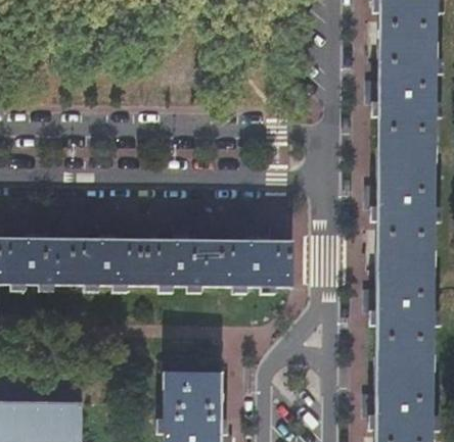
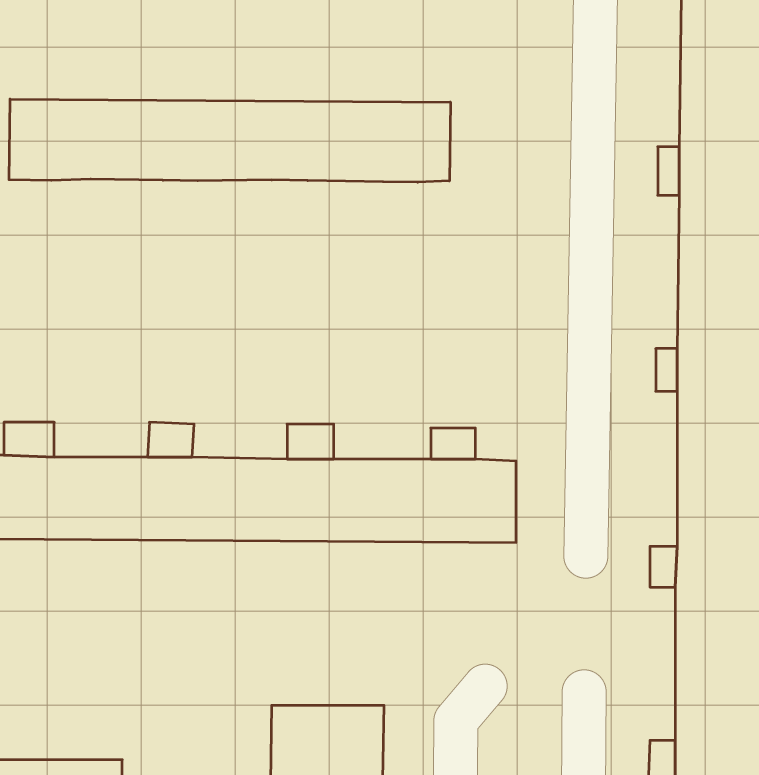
building: none -> [9,99,450,182]

